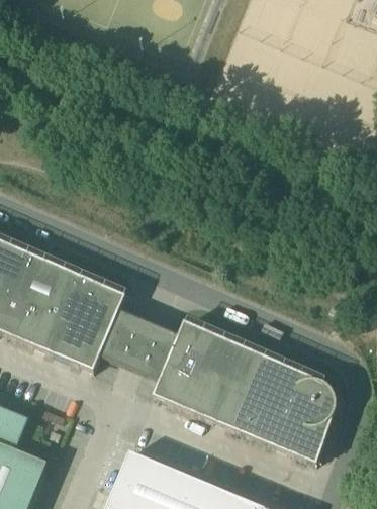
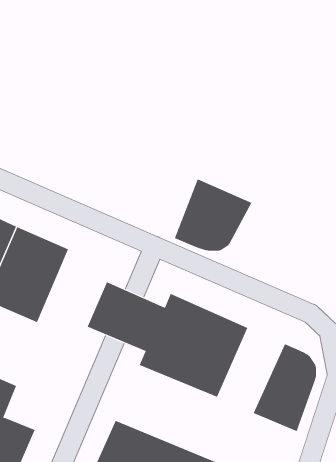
building: none -> [174,179,252,252]
building: [49,275,125,369] -> none
building: [233,355,302,443] -> none

